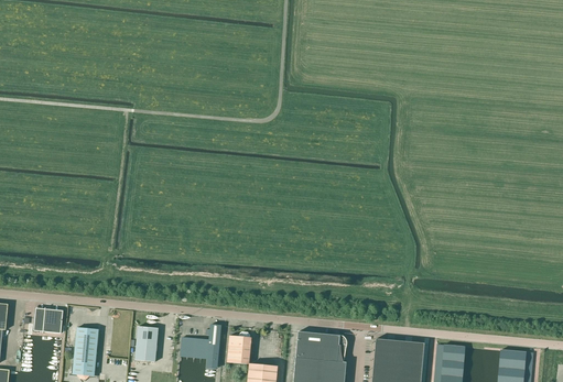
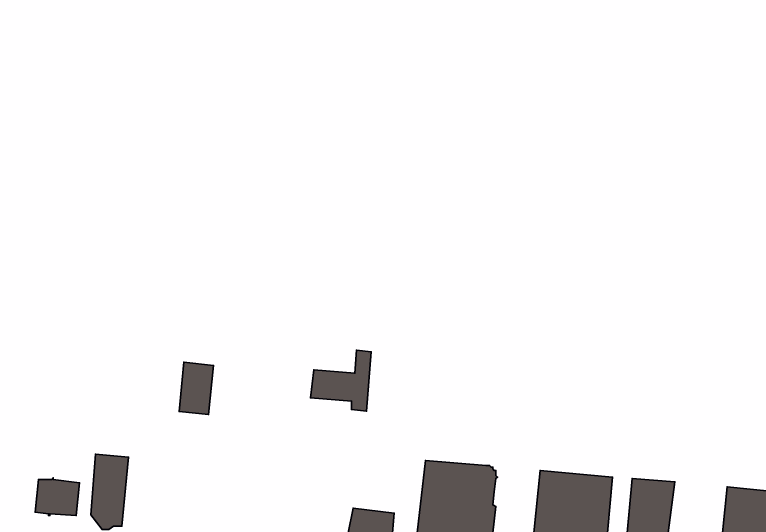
building: [33,308,63,334] -> [35,478,80,516]
building: [180,325,220,365] -> [311,350,371,411]
building: [134,327,158,362] -> [179,362,213,415]
building: [227,336,251,364] -> none

